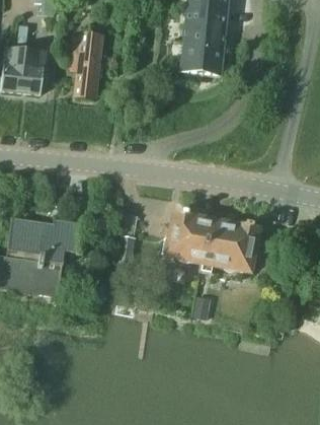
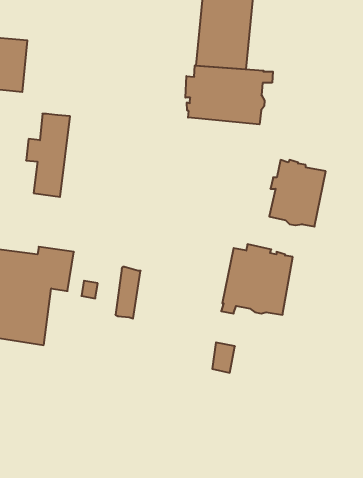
building: [68,30,103,97] -> [26,114,70,197]
building: none -> [185,65,273,124]
building: [165,208,211,262] -> [269,160,326,227]

